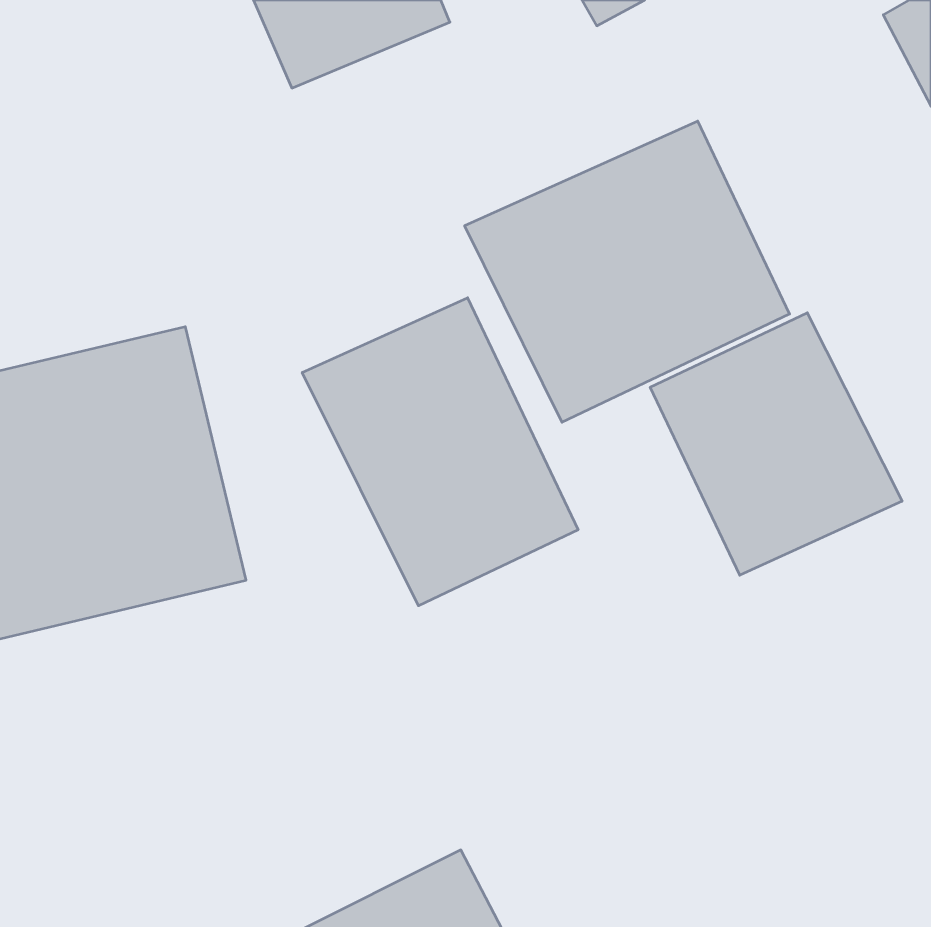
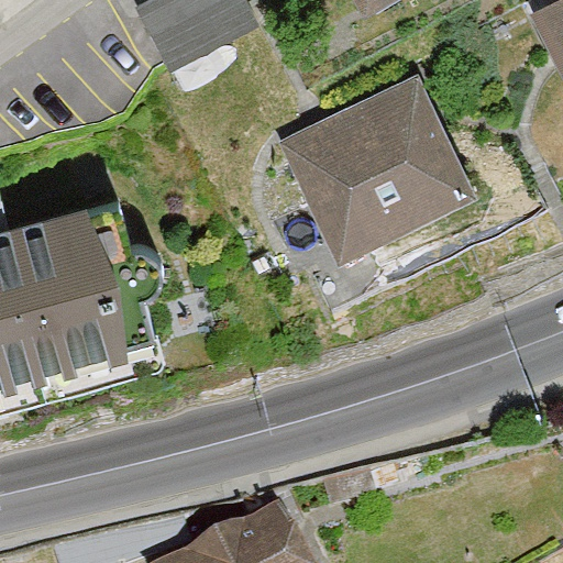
building: [302,298,578,606] -> none
building: [650,313,902,575] -> none

